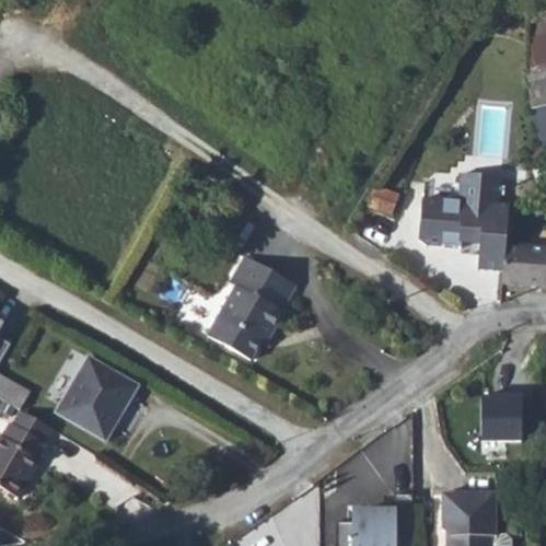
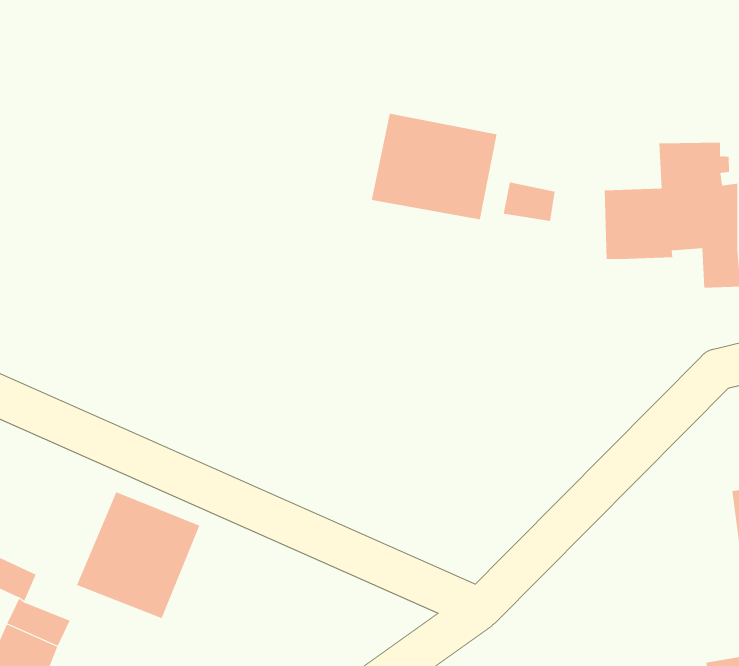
building: none -> [371,113,497,220]
building: [209,249,297,353] -> none

